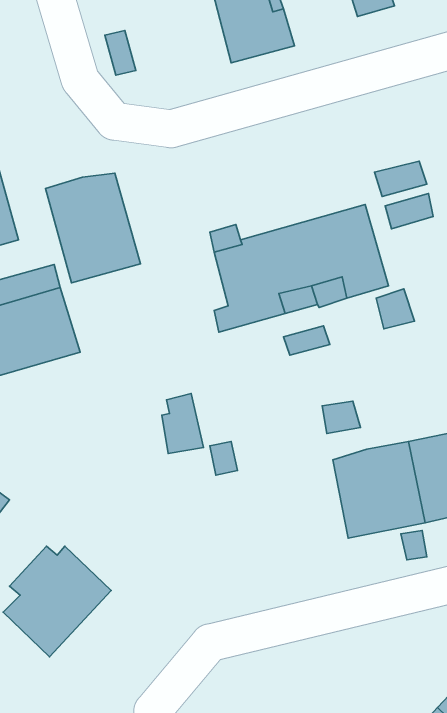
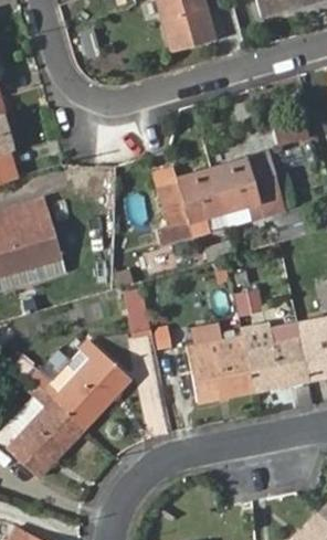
building: [46,173,141,283] -> none
building: none -> [188,336,255,402]
building: none -> [42,340,131,430]

